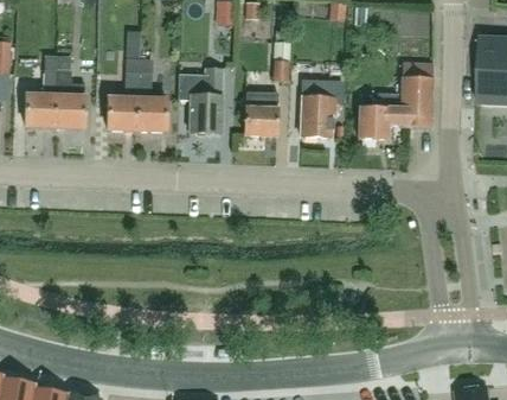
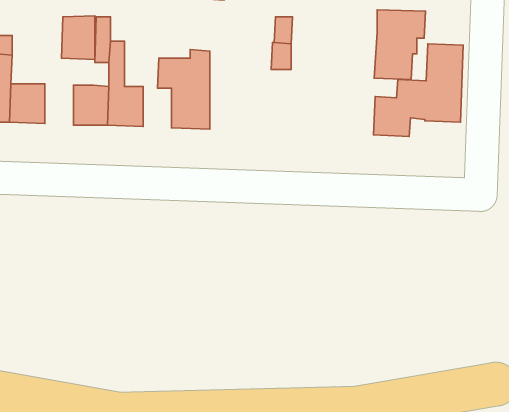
building: none -> [62,16,95,59]
building: [300,80,342,138] -> [374,10,425,80]
building: [244,91,278,136] -> none

